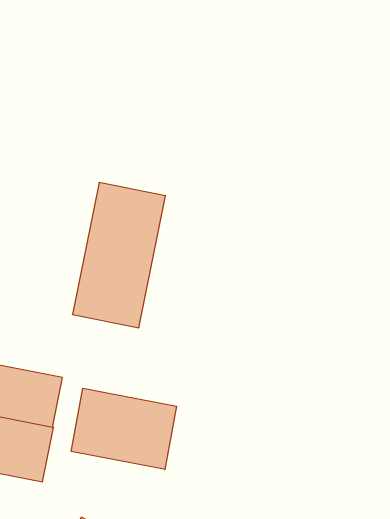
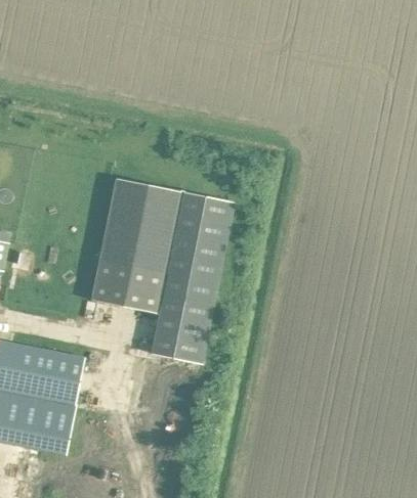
building: none -> [156,193,226,353]
building: [71,388,176,470] -> none

